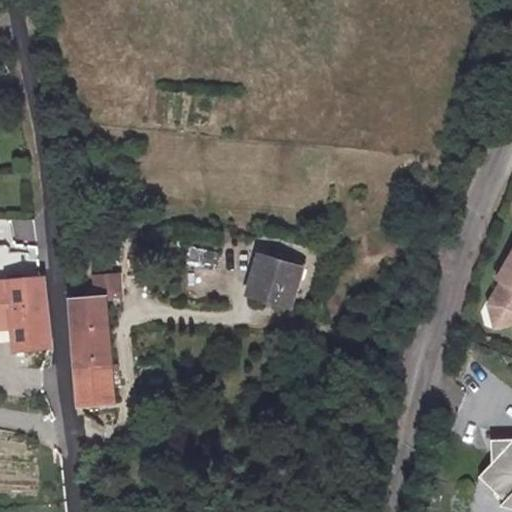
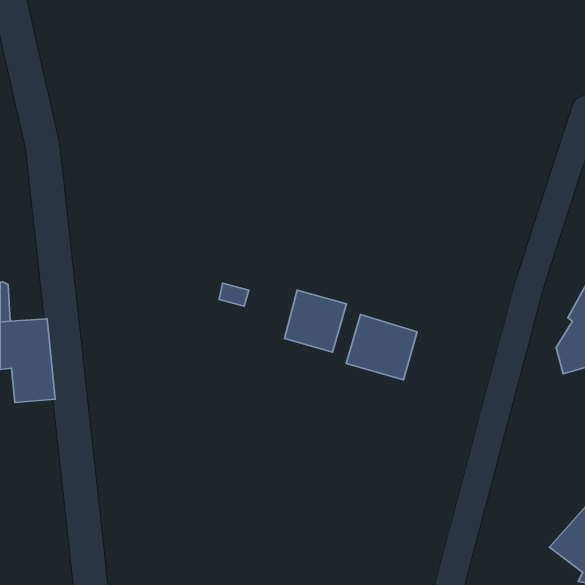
building: [68,272,118,404] -> none
building: none -> [346,315,417,380]

